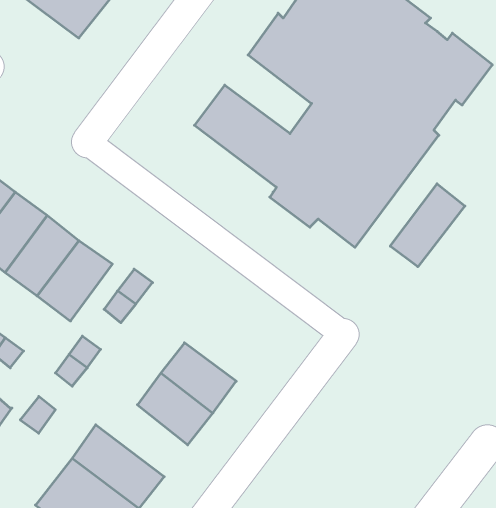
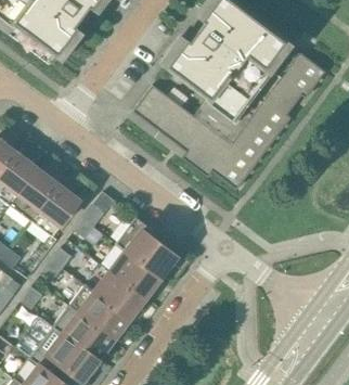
building: [390,184,465,267] -> none
building: none -> [116,216,177,275]
building: none -> [69,283,129,337]

